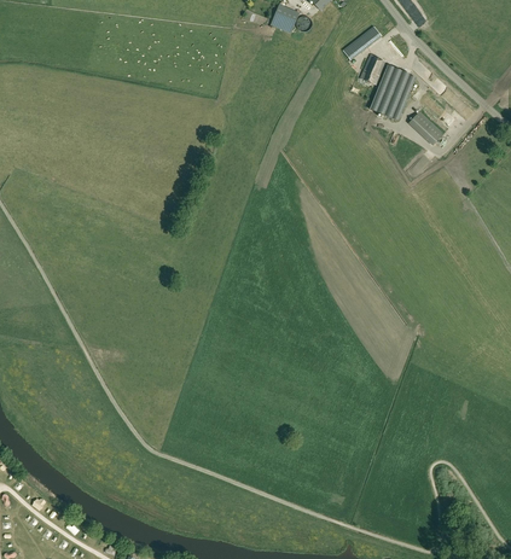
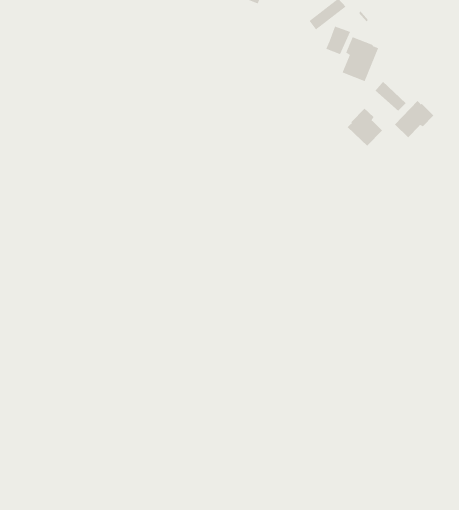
building: none -> [394,100,434,138]
building: none -> [347,108,383,147]

